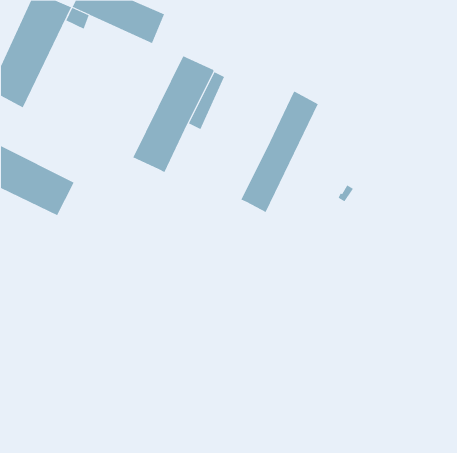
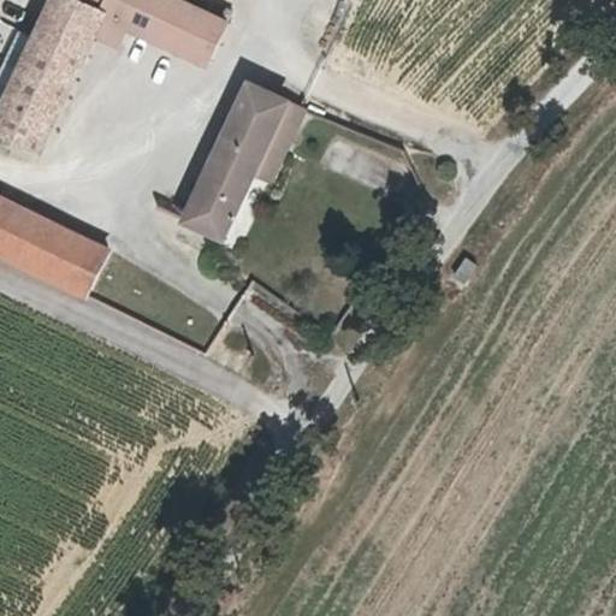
building: [241,91,319,213] -> none

